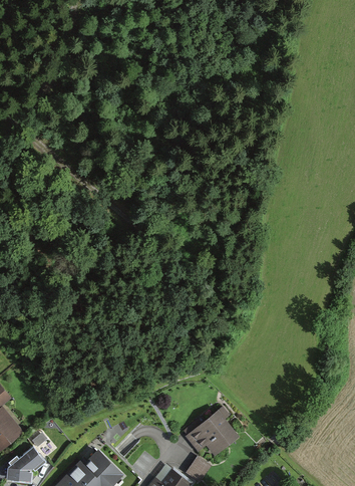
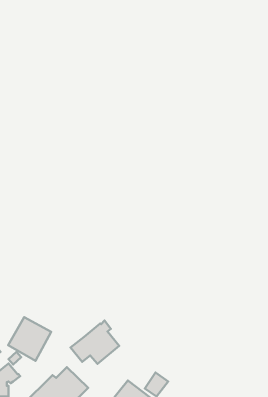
building: none -> [8,317,51,361]
building: [186,406,240,454] -> [71,321,119,364]

